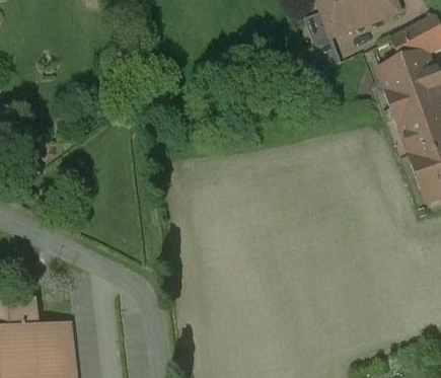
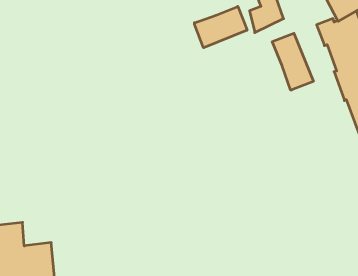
building: none -> [194,6,247,48]
building: none -> [272,33,313,90]

